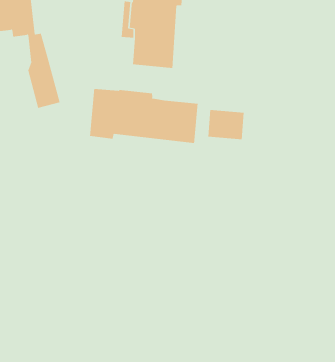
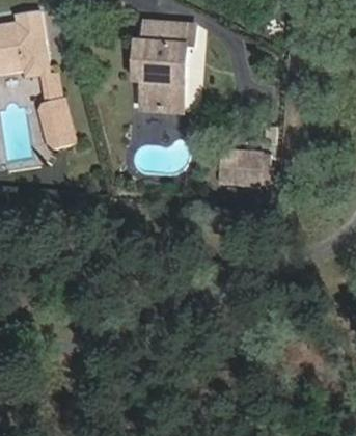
building: [90,88,198,144] -> none

